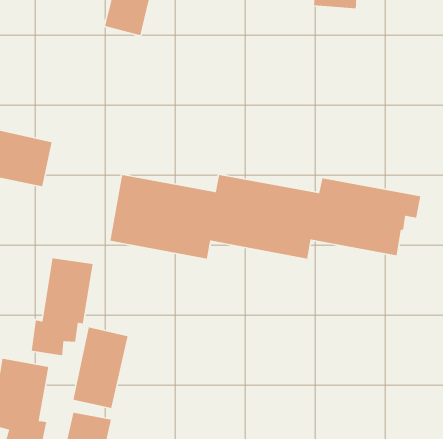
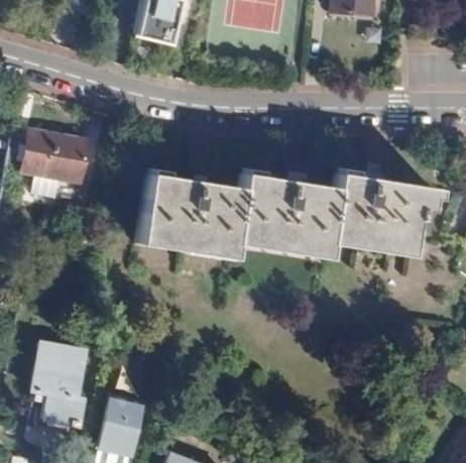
building: [31,257,94,356] -> none
building: [72,327,128,409] -> none

